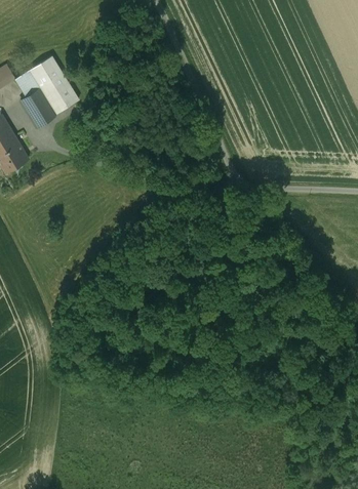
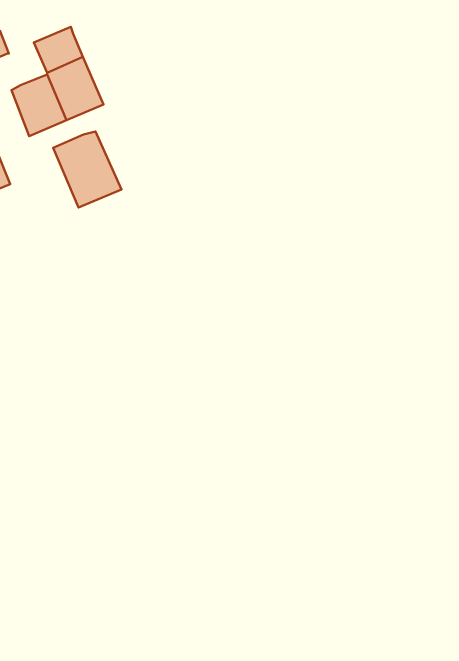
building: [14,70,41,97] -> none
building: none -> [53,131,121,207]

